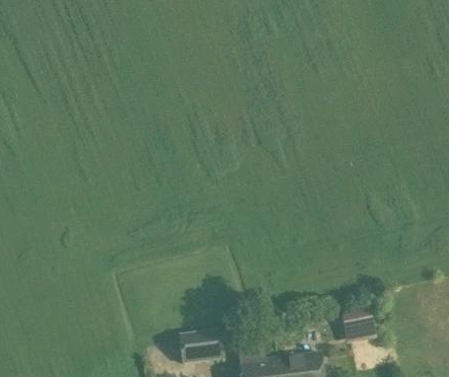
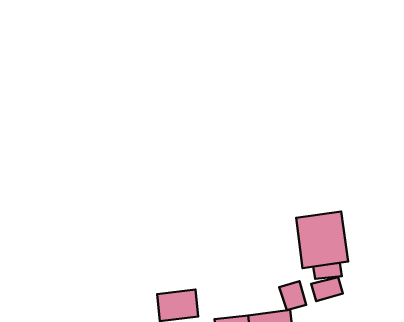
building: none -> [296,211,348,268]
building: none -> [279,281,306,310]

